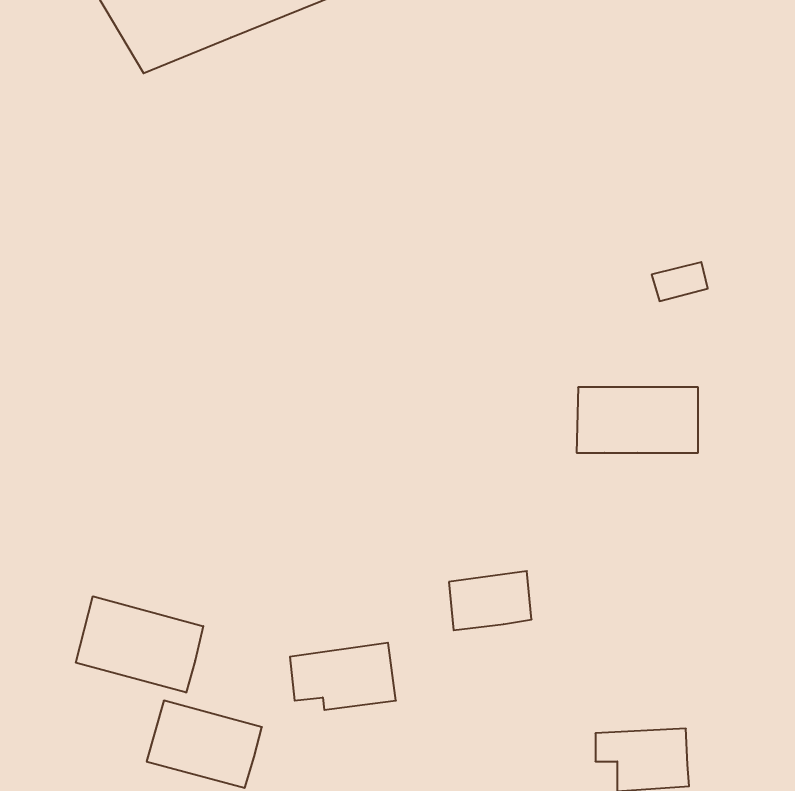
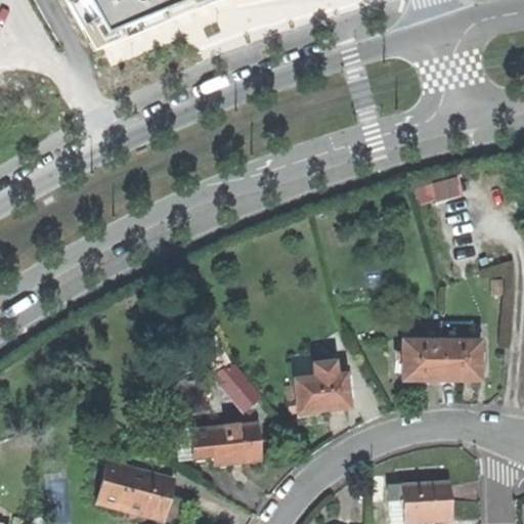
building: [577,387,698,453] -> [402,340,482,383]
building: none -> [216,360,264,408]
building: [76,596,203,693] -> none

